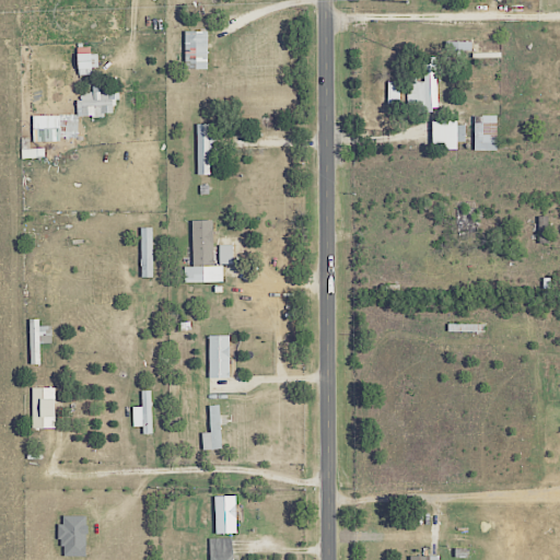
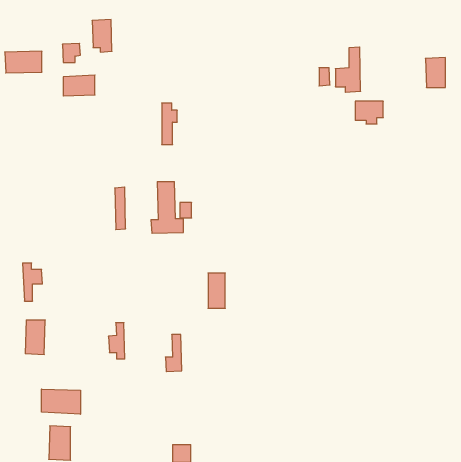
building: [184,31,208,70] -> [92,20,112,52]
building: [33,115,78,141] -> [5,51,42,73]
building: [474,115,498,151] -> [425,58,445,87]
building: [209,335,230,377] -> [208,273,225,308]
building: none -> [42,389,80,414]
building: [214,495,236,534] -> none

